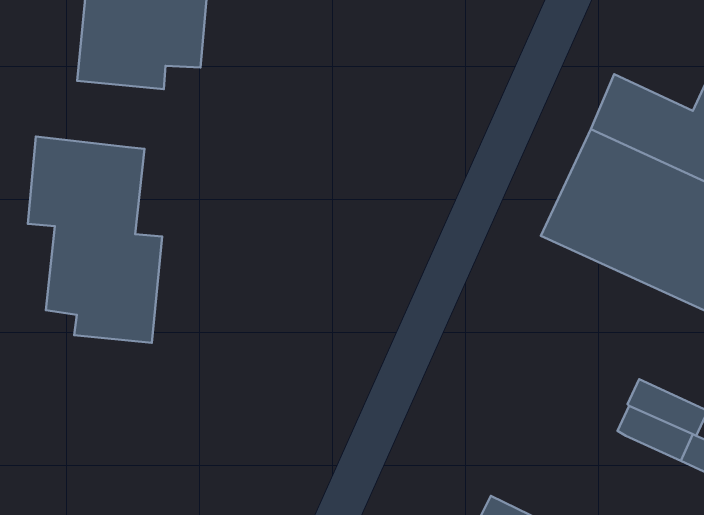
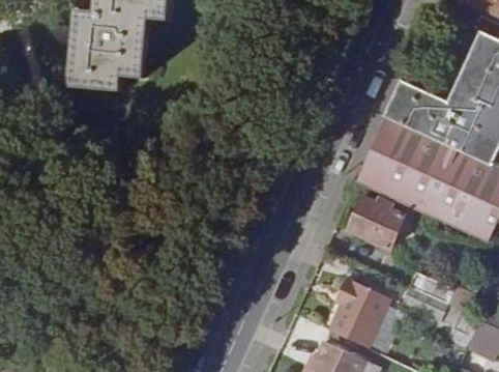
building: [28,137,162,343] -> none
building: none -> [349,196,405,247]
building: none -> [329,281,388,346]

